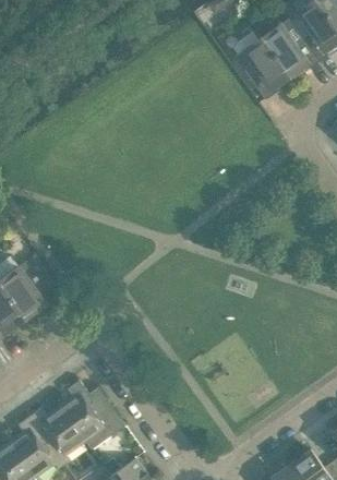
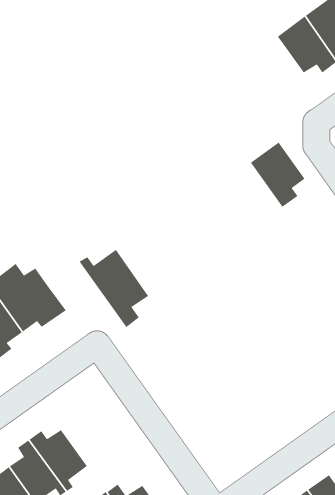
building: [236,38,288,100] -> [250,142,305,208]
building: none -> [78,249,149,328]
building: [60,381,127,451] -> none

